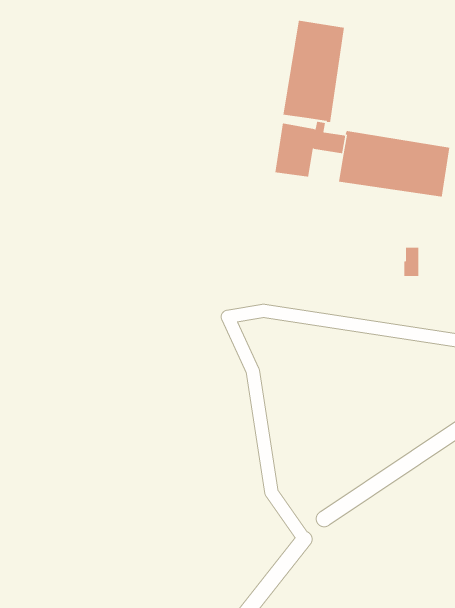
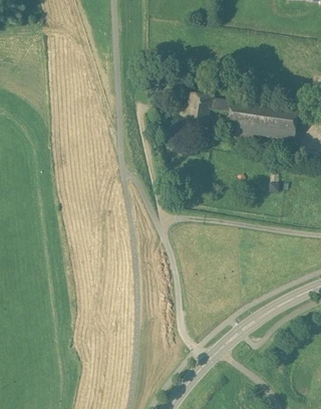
building: [283,20,345,123] -> none

